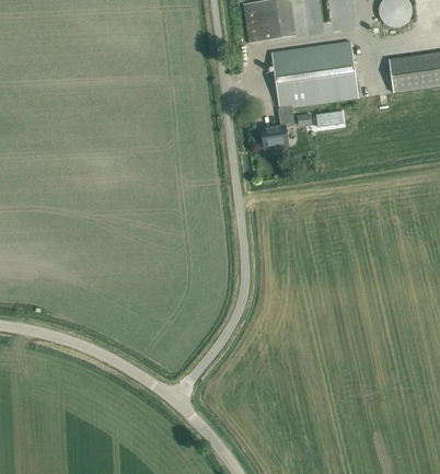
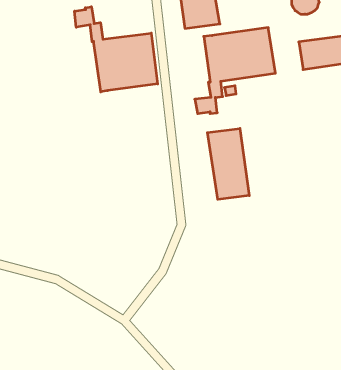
building: none -> [75,7,158,92]
building: none -> [207,128,249,199]

